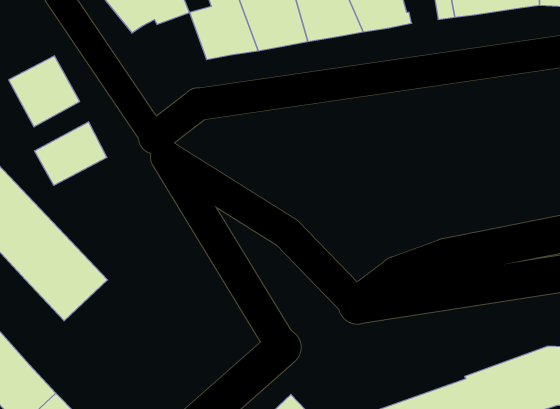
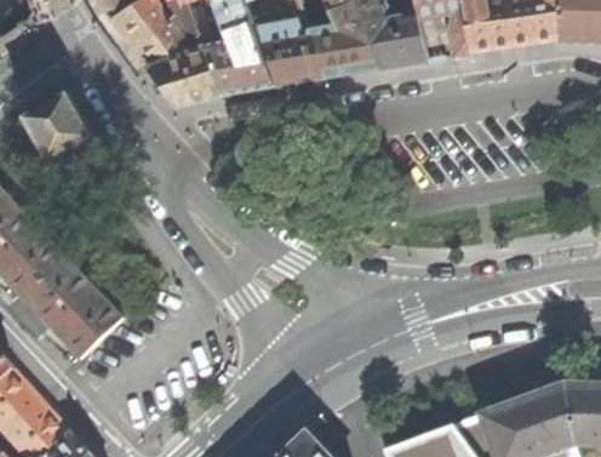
building: none -> [147,48,222,103]
building: [35,122,107,185] -> none

